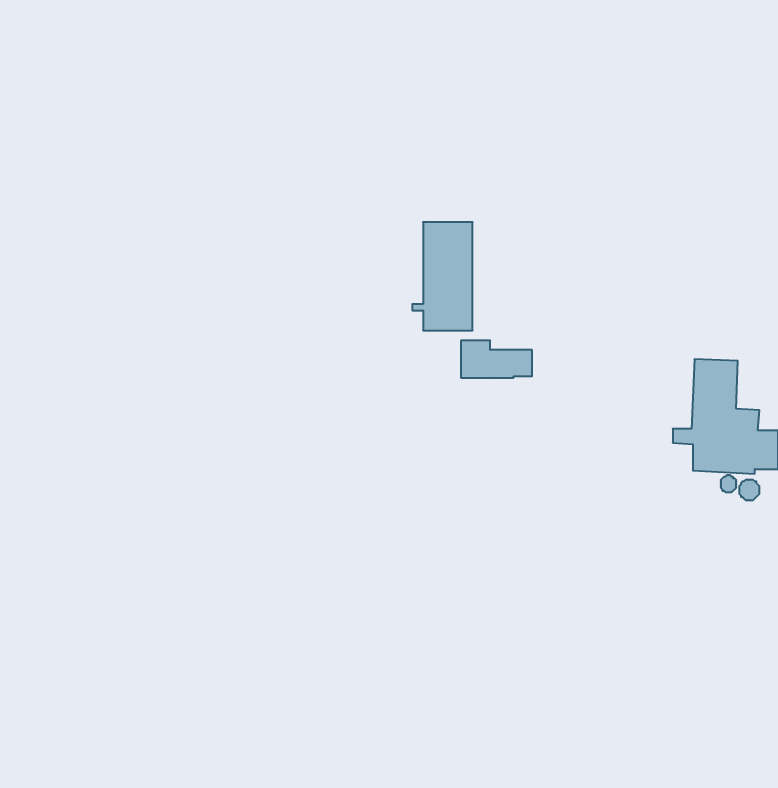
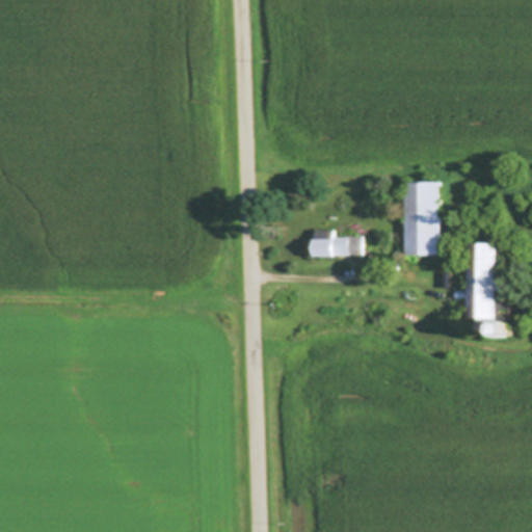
building: [412,222,473,330] -> [397,184,437,257]

